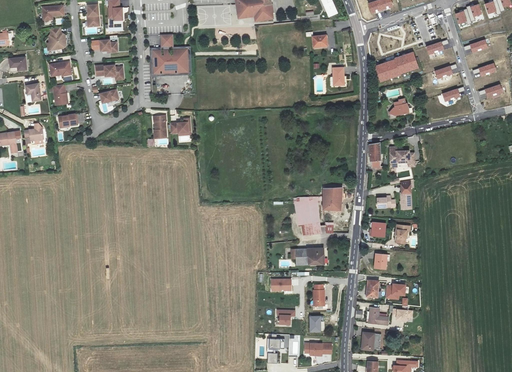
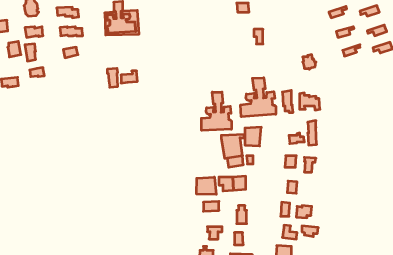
building: [375,53,417,81] -> none
building: none -> [241,78,276,117]
building: none -> [201,92,232,130]
building: none -> [197,177,216,194]

